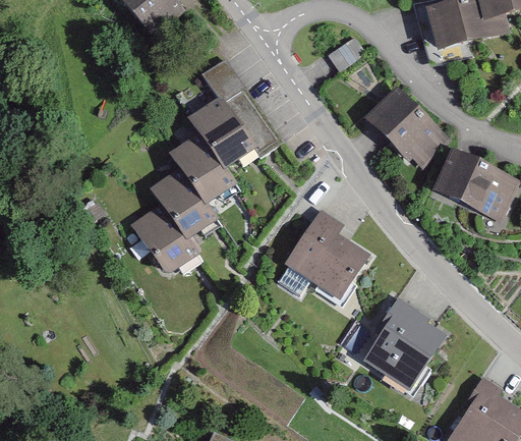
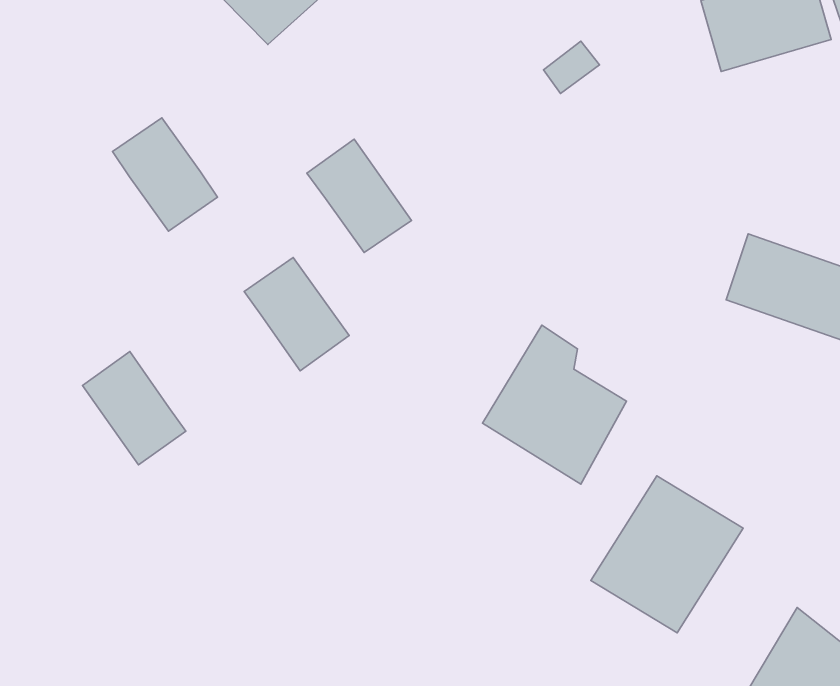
building: [197,58,279,156] -> none
building: [367,86,452,169] -> none
building: [167,132,230,201] -> [113,118,217,231]
building: [129,203,191,271] -> [83,352,186,465]

